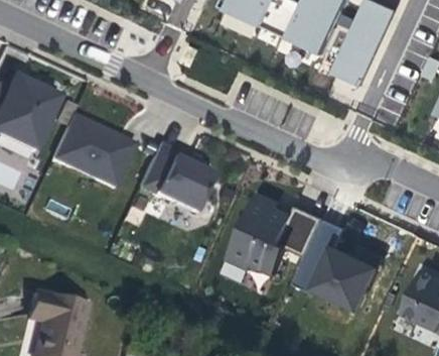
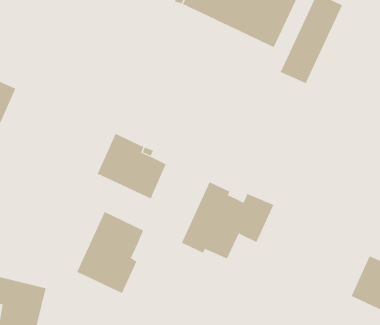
building: [52,116,134,188] -> none
building: [293,218,383,309] -> none
building: none -> [76,211,144,294]

